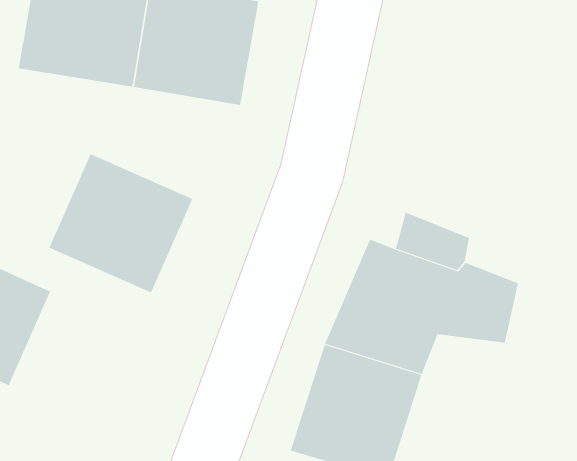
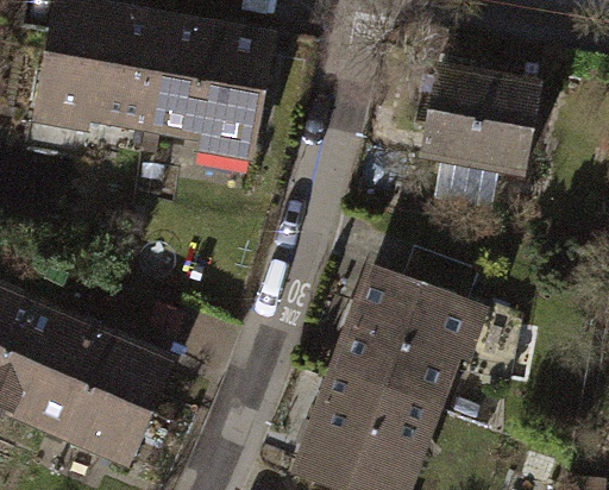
building: none -> [416,70,539,178]
building: [49,154,193,293] -> [26,325,167,460]

